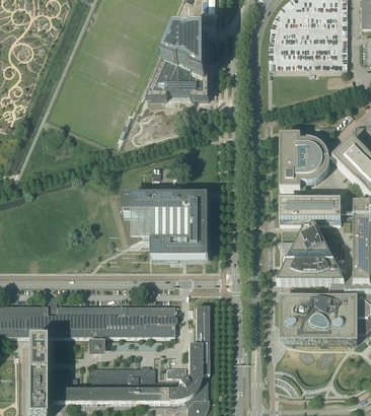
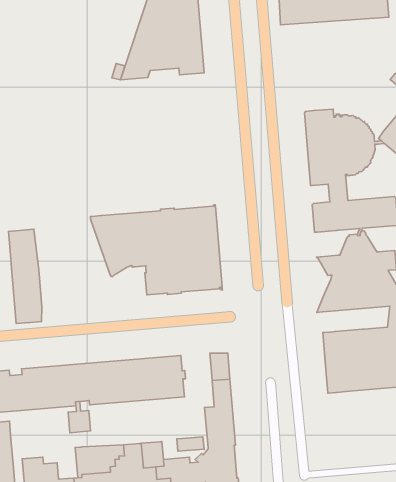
building: none -> [9,229,42,324]

